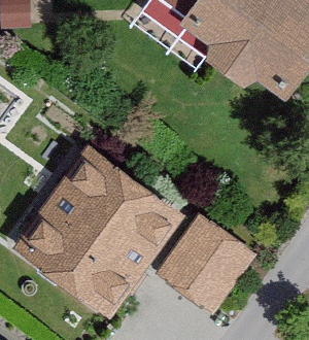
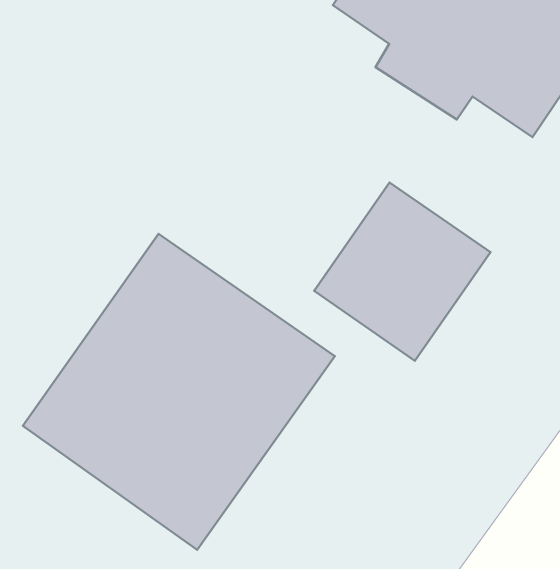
building: [159,219,252,314] -> [314,182,490,361]

